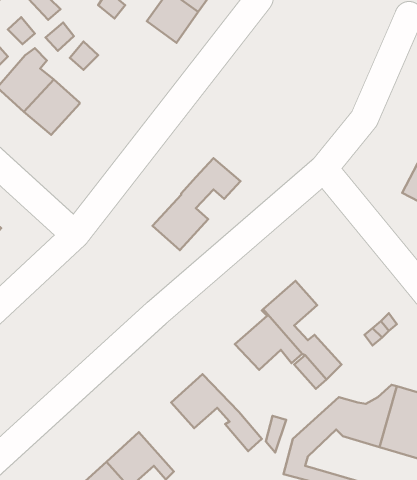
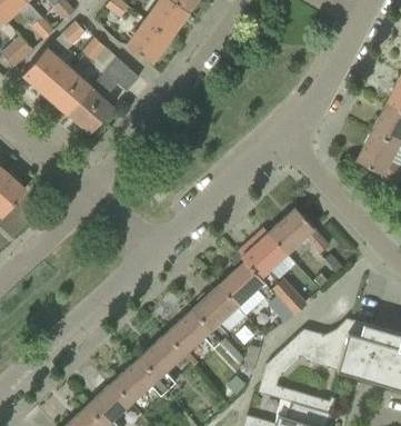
building: none -> [127,20,170,63]
building: [153,158,240,250] -> [67,58,139,133]
building: none -> [268,212,324,265]
building: none -> [191,286,248,341]
building: none -> [139,334,184,390]

